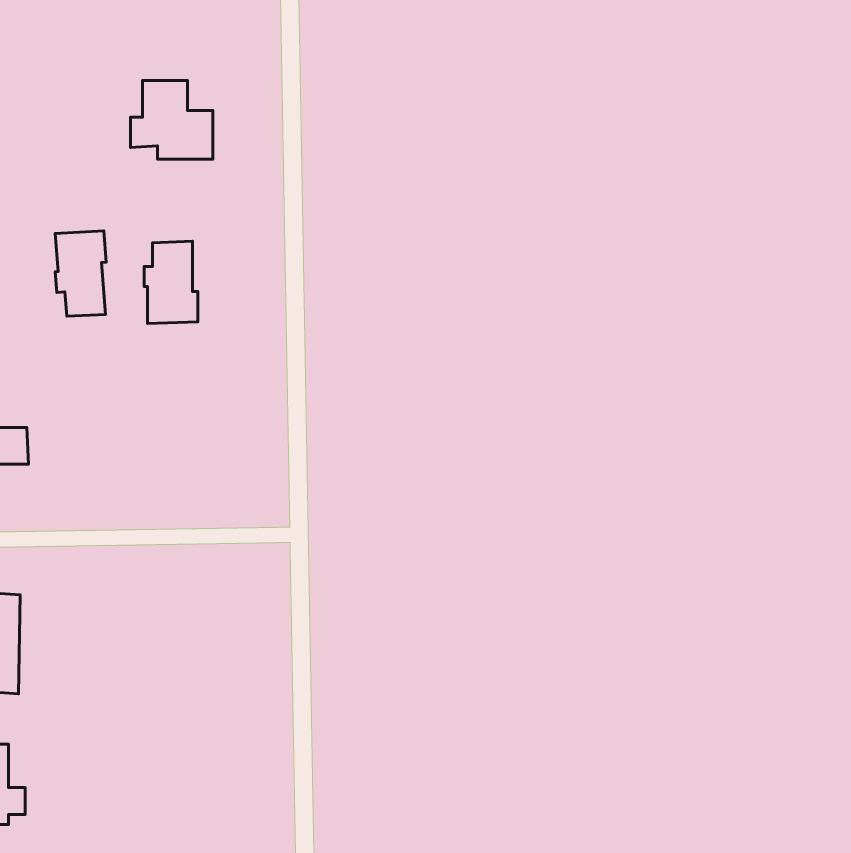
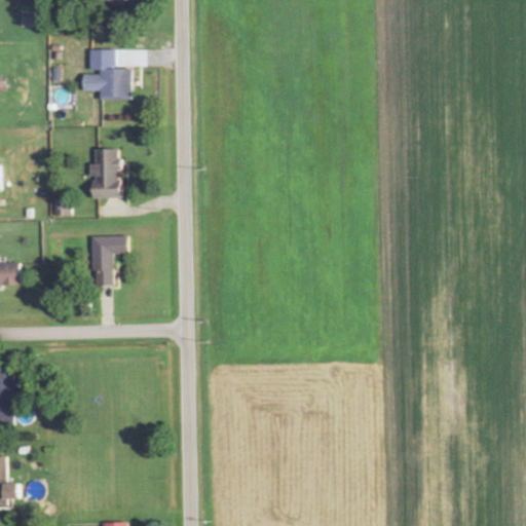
building: [55,231,106,316] -> none
building: none -> [90,235,126,285]

